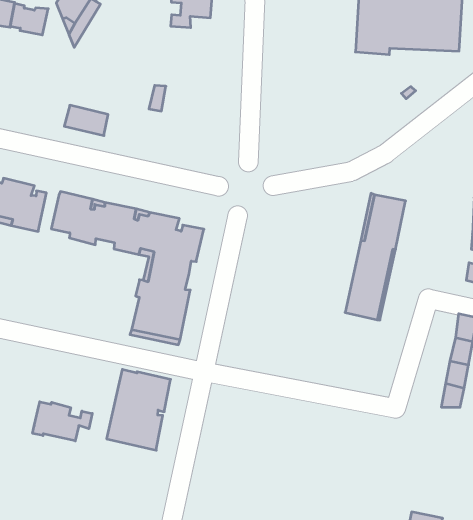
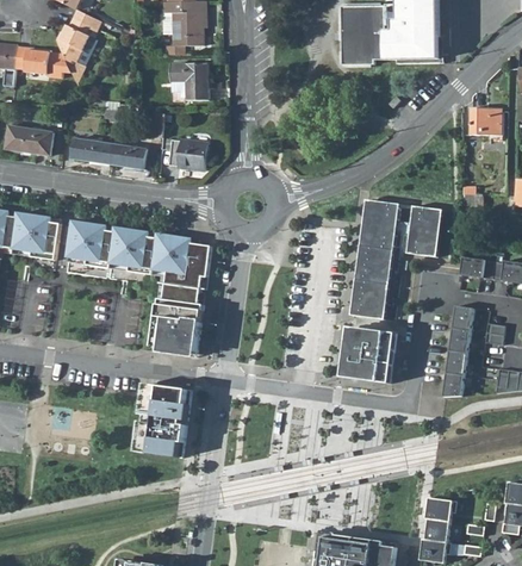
building: none -> [169,64,207,101]
building: none -> [18,129,52,156]
building: none -> [168,138,209,168]
building: none -> [110,144,145,169]
building: none -> [406,205,442,256]
building: none -> [347,326,396,382]
building: [33,402,92,441] -> none

